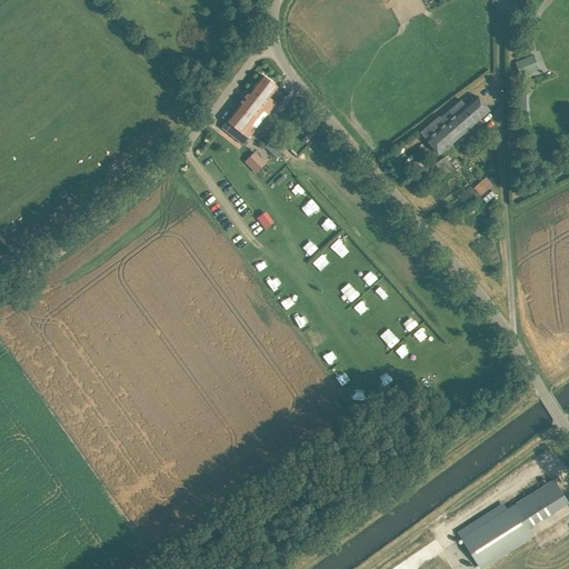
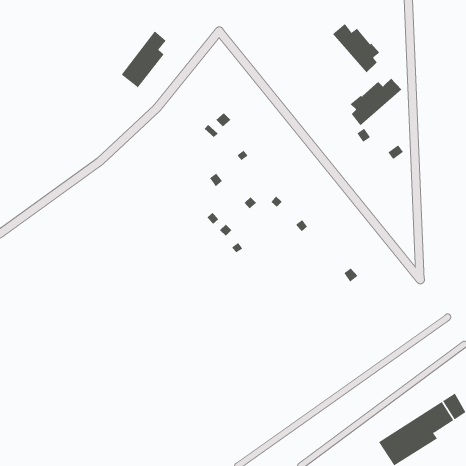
building: none -> [332,23,380,73]
building: [221,73,277,143] -> [121,31,166,88]

